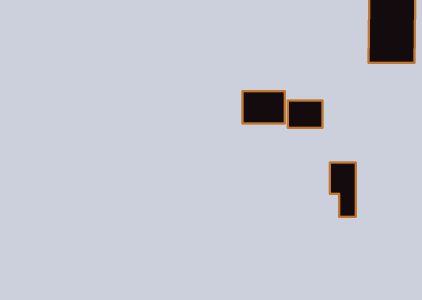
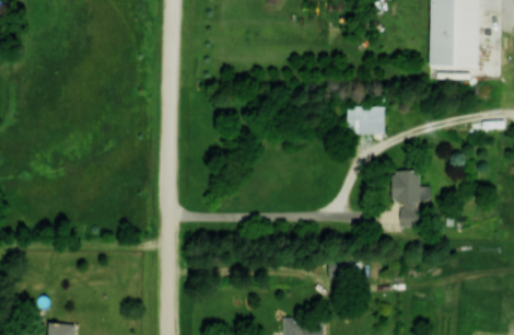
building: [242,91,285,124] -> none

